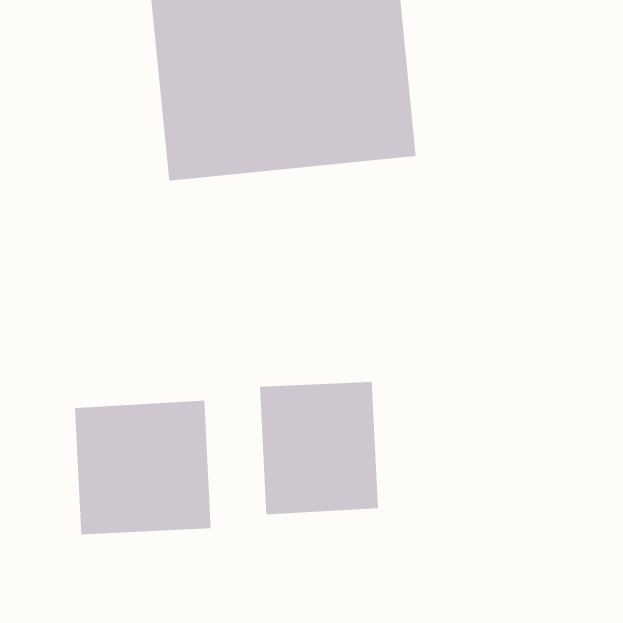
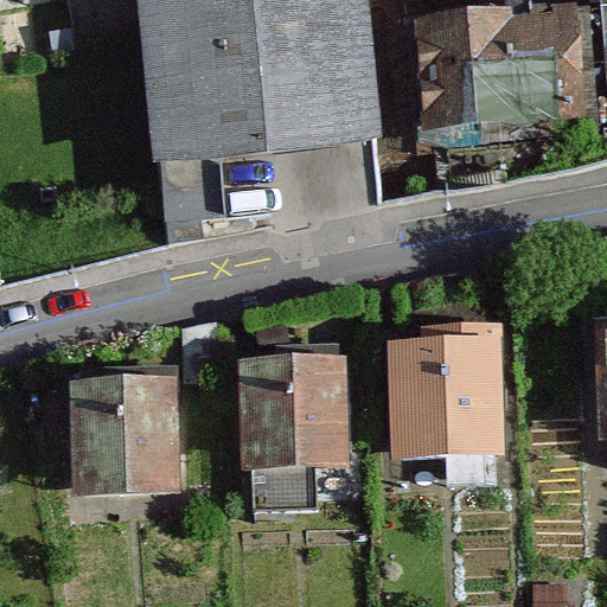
building: none -> [408,24,571,136]
building: none -> [390,349,513,477]

